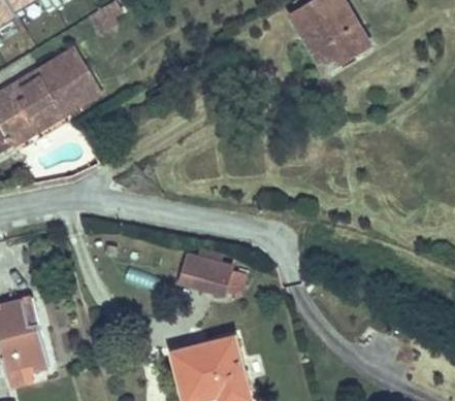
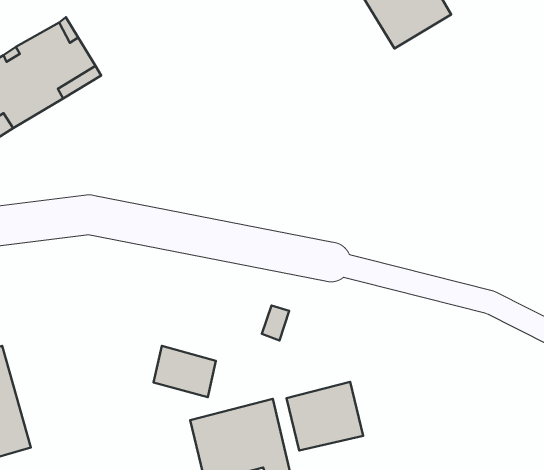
building: [181,256,228,295] -> [154,346,216,397]
building: none -> [287,382,363,451]

